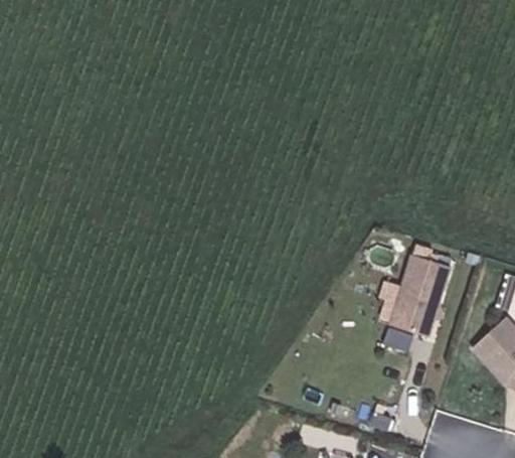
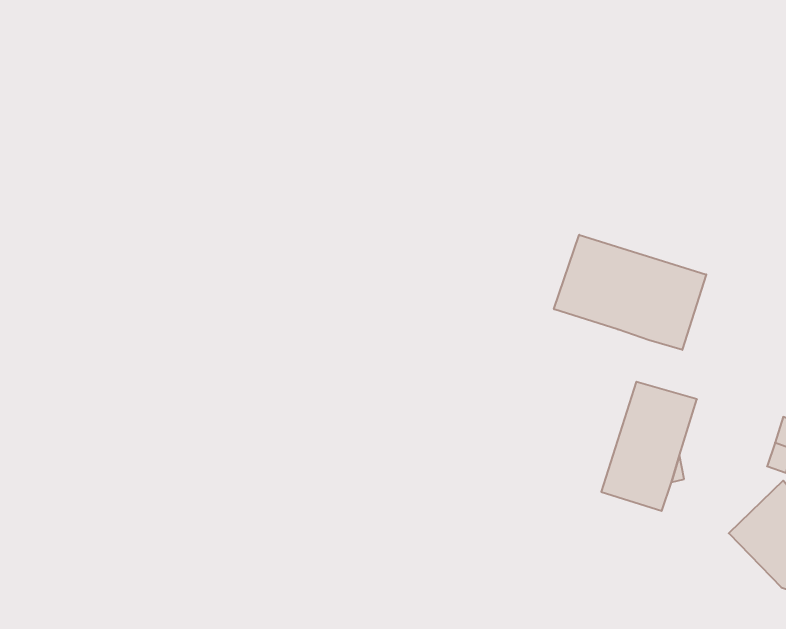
building: none -> [554,235,706,350]

